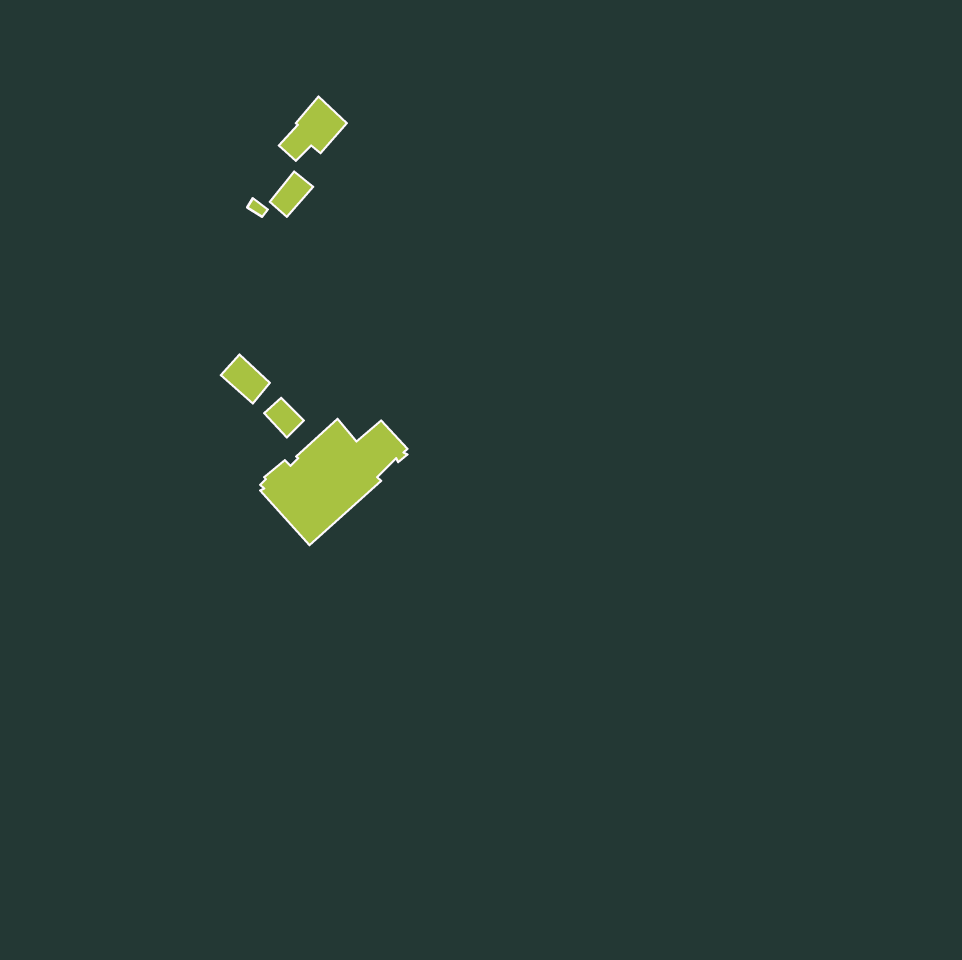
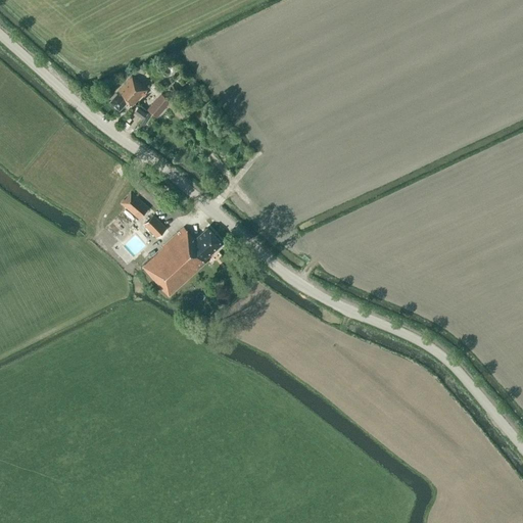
building: [279,97,347,161] -> [108,78,145,112]

